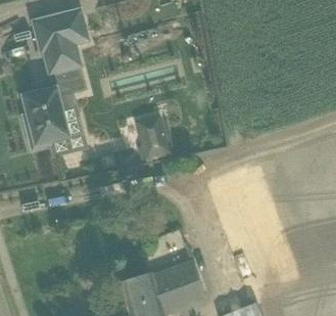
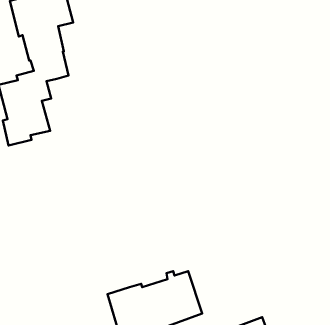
building: [138,117,170,160] -> none

